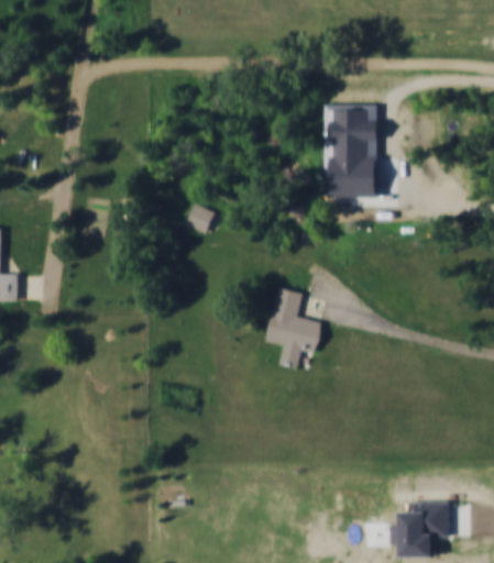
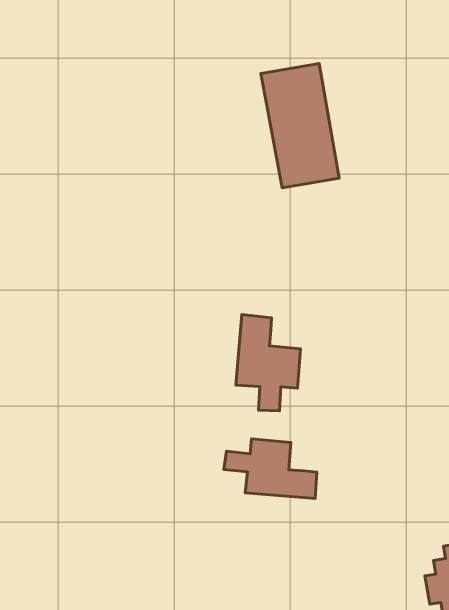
building: [184,205,213,232] -> none
building: none -> [224,439,317,498]

